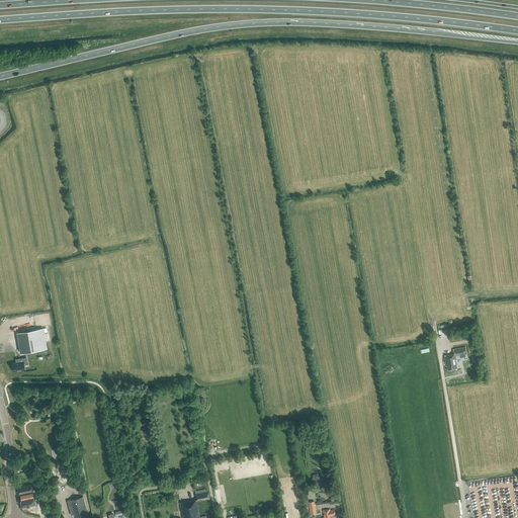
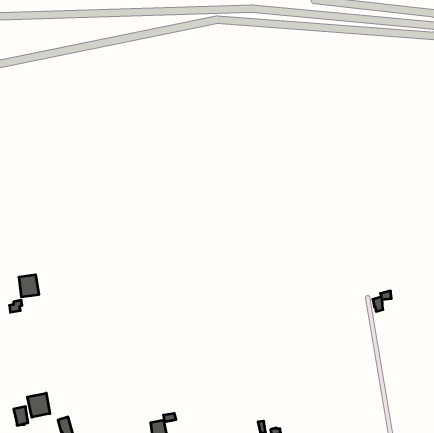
building: none -> [27,393,50,417]

